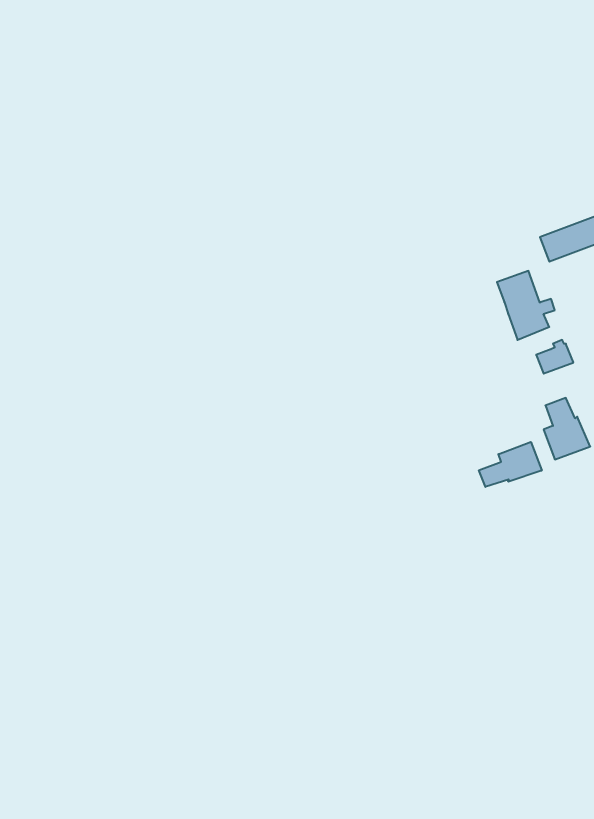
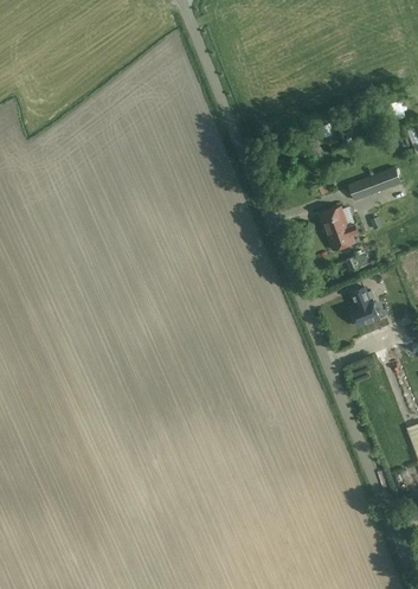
building: [479,442,542,487] -> none

